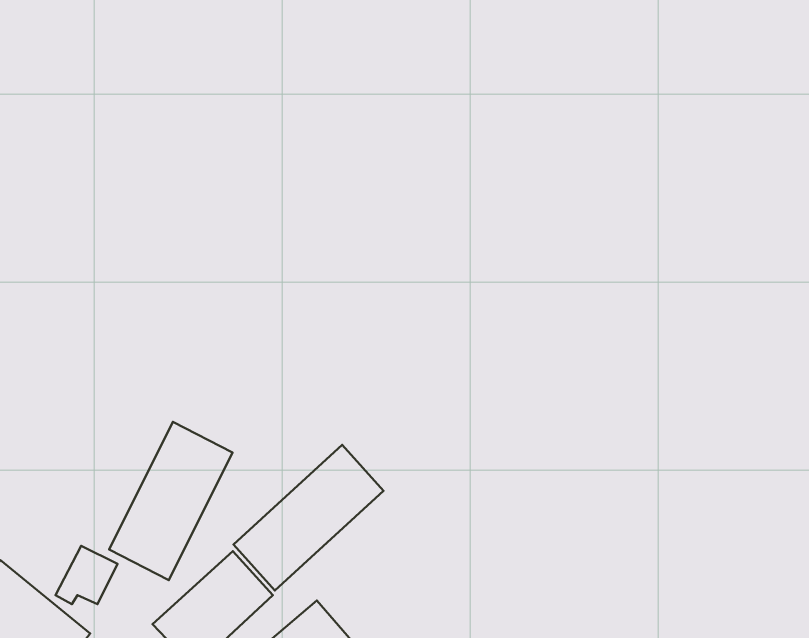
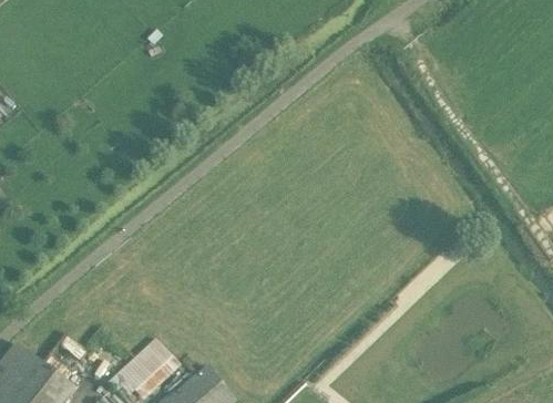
building: [109,422,233,580] -> none
building: [234,445,383,590] -> none

